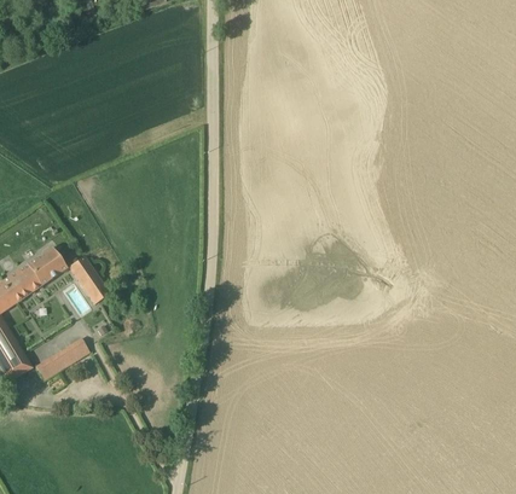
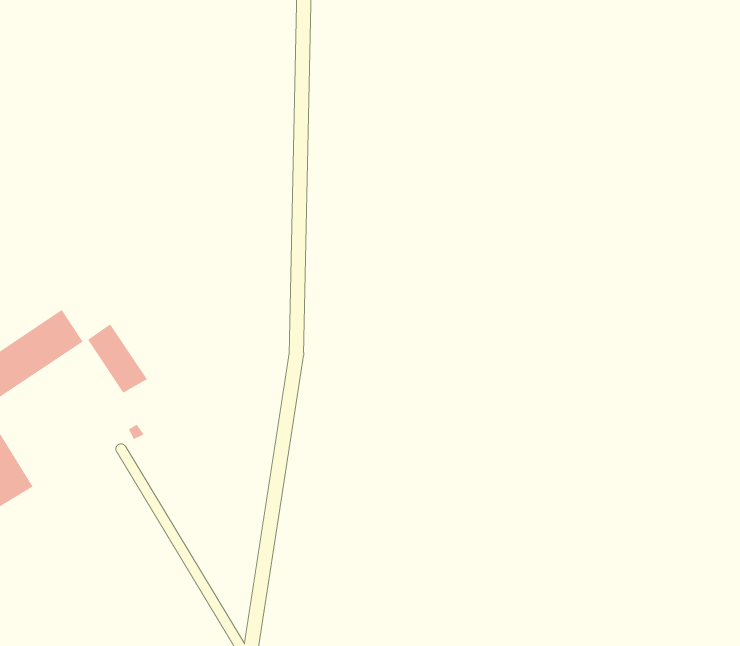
building: [34,337,88,379] -> none

